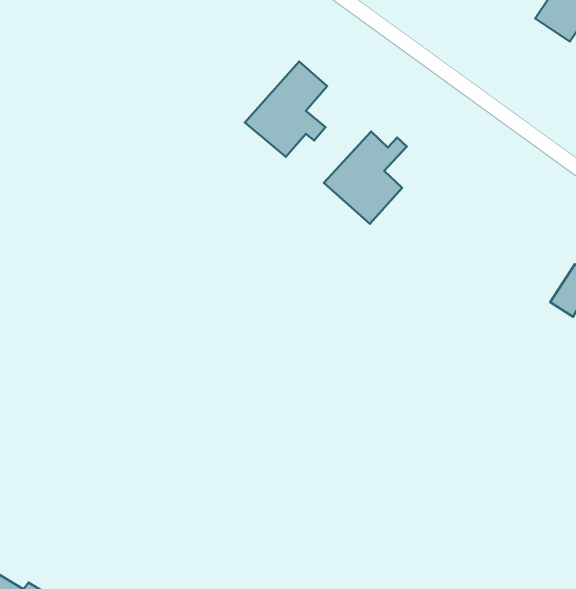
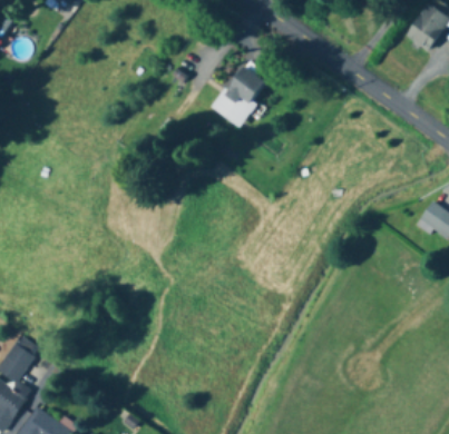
building: [324,132,407,224] -> none

